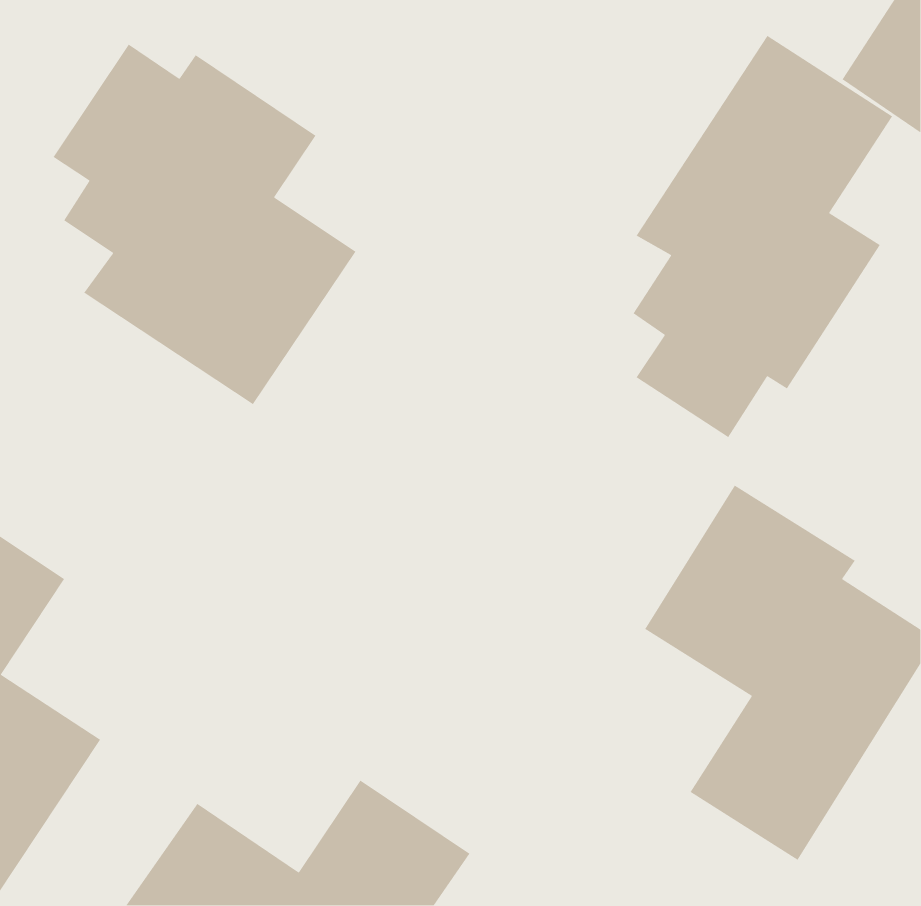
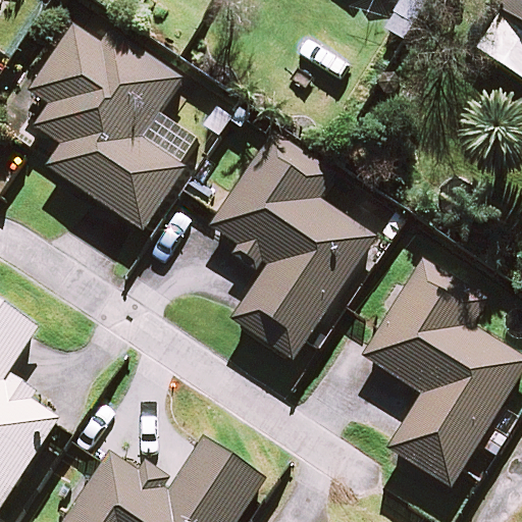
building: [632,35,893,438] -> none
building: none -> [211,132,376,360]

